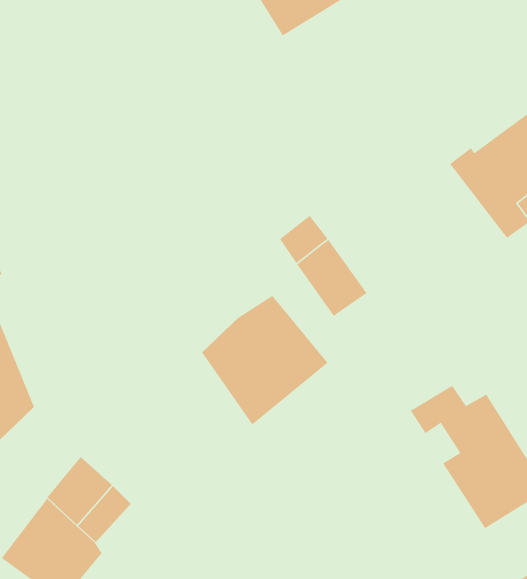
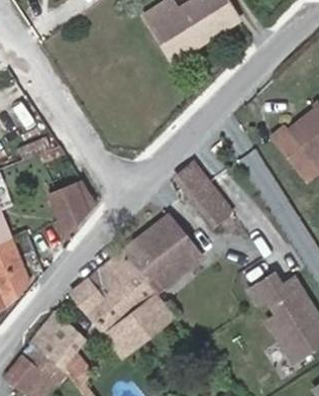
building: none -> [49,183,89,226]
building: none -> [73,250,174,355]

